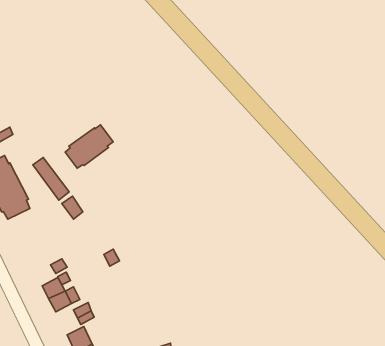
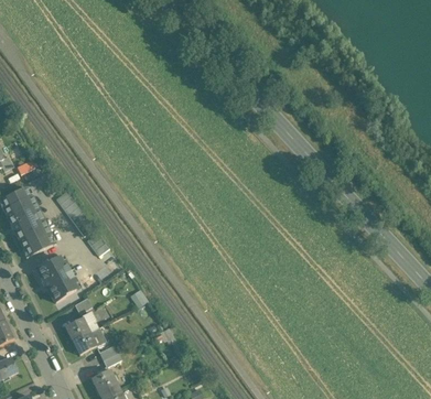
building: [65,125,113,168] -> none
building: none -> [36,257,77,302]

